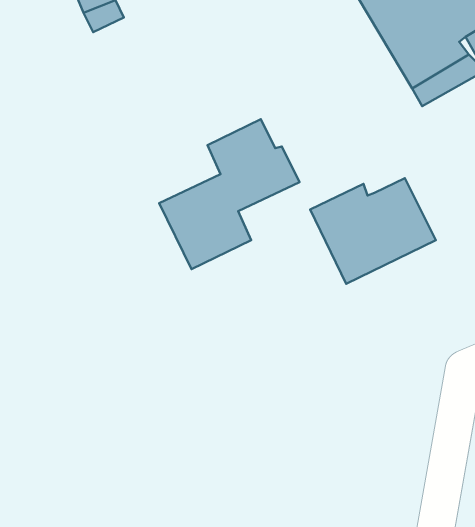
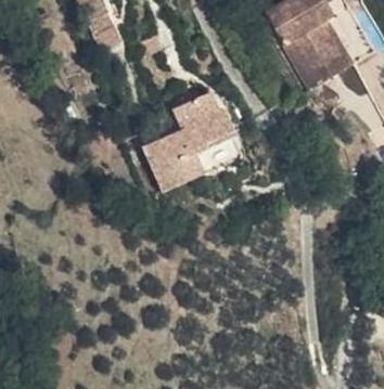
building: [310,178,436,284] -> none

